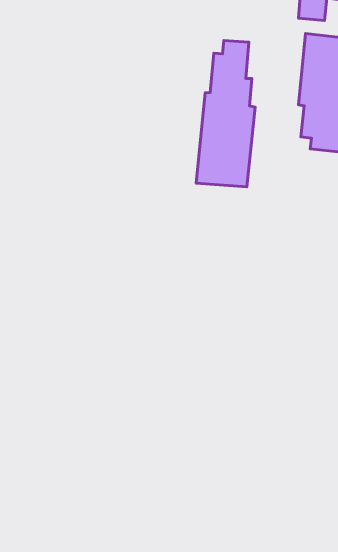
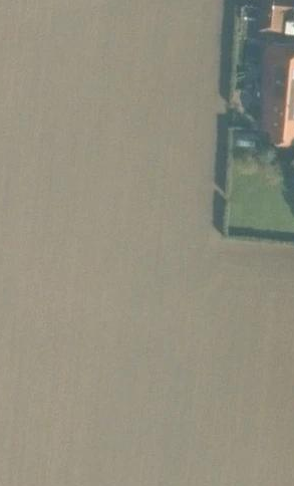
building: [196,40,255,187] -> none

